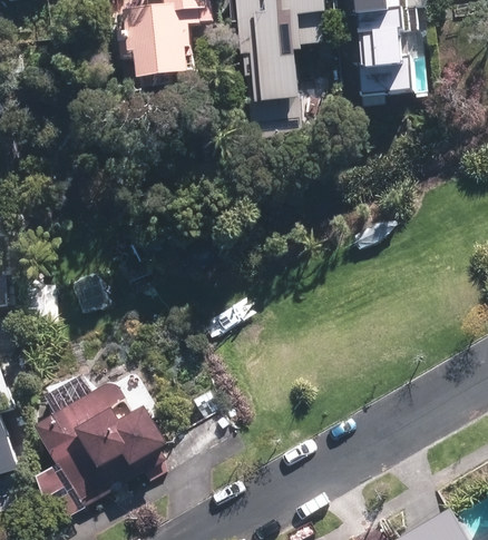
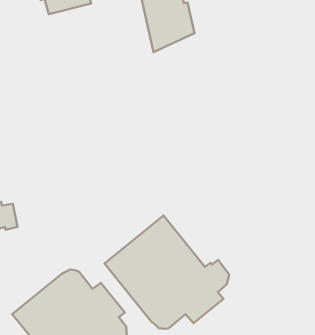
building: none -> [104,216,229,329]

